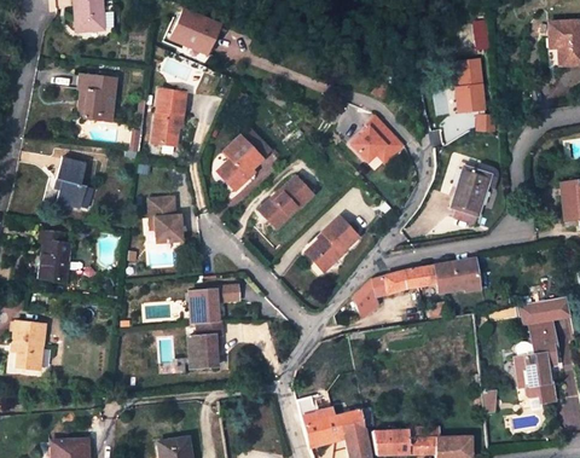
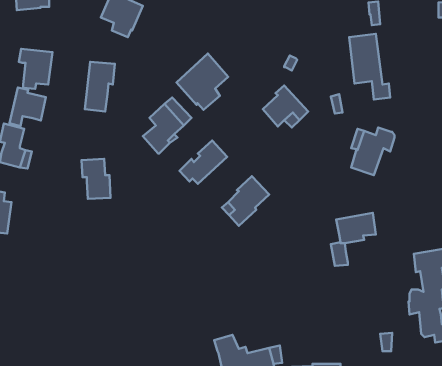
building: none -> [177,54,228,110]
building: none -> [9,88,46,126]
building: [353,265,437,318] -> none
building: [187,285,238,367] -> none

